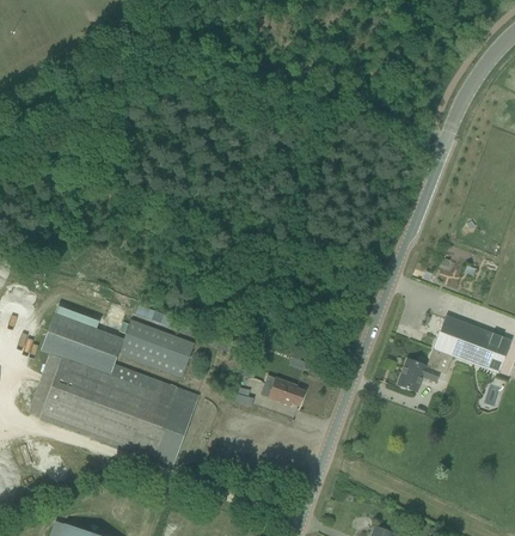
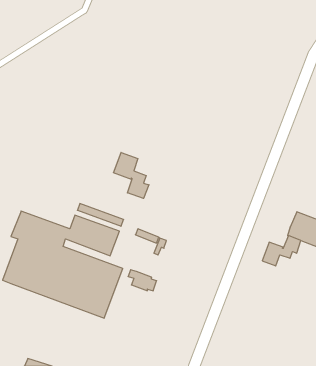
building: none -> [114,152,149,198]
building: [264,374,305,404] -> [128,270,157,291]

